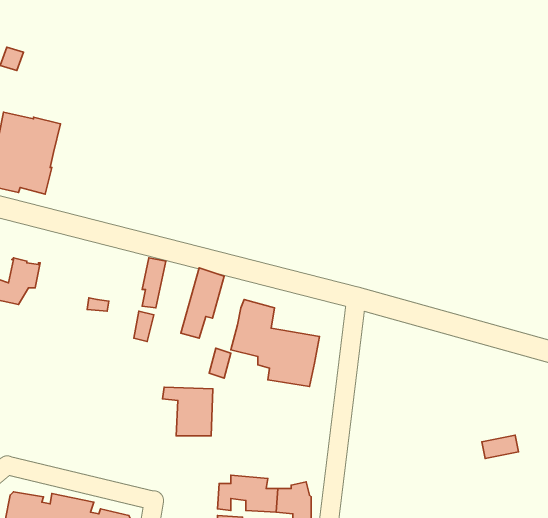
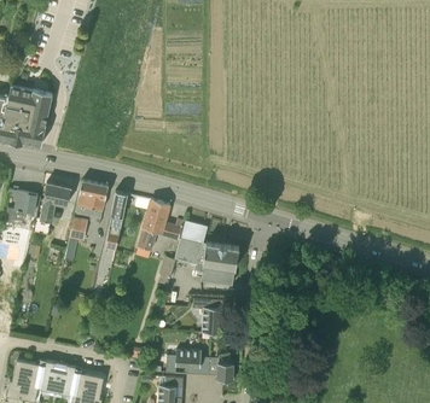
building: none -> [79,180,109,211]
building: none -> [39,182,71,221]
building: [163,387,213,436] -> [192,298,228,333]

